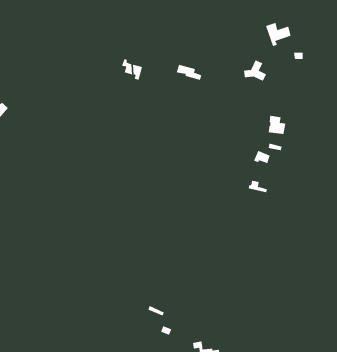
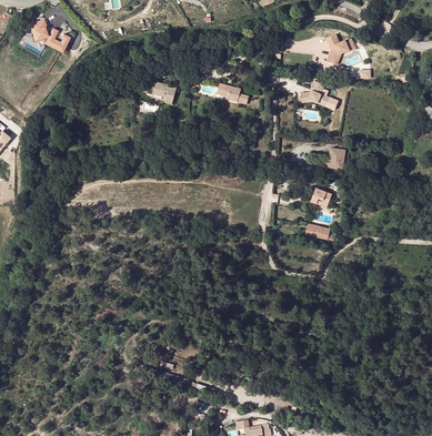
building: none -> [28,19,70,52]

